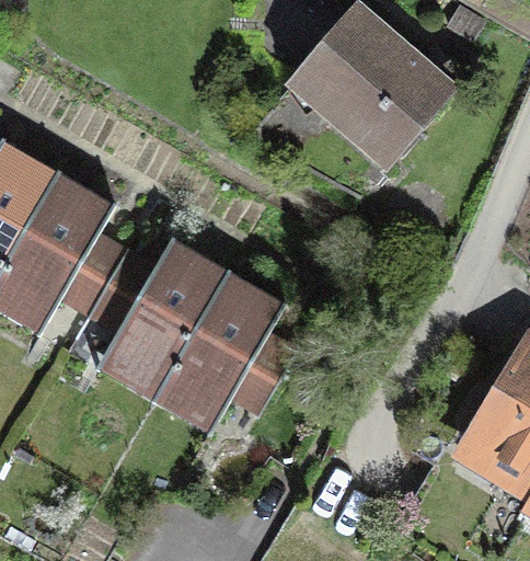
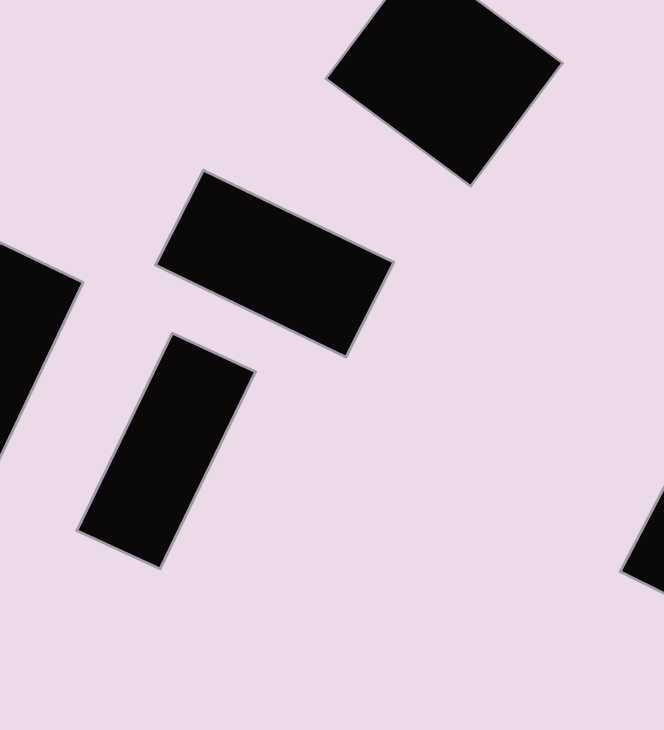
building: none -> [156,170,394,357]
building: [151,274,284,437] -> none

